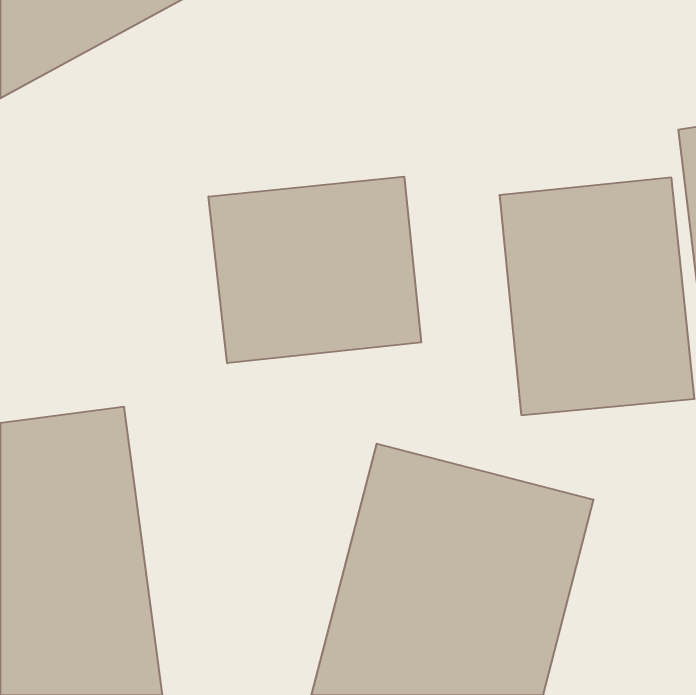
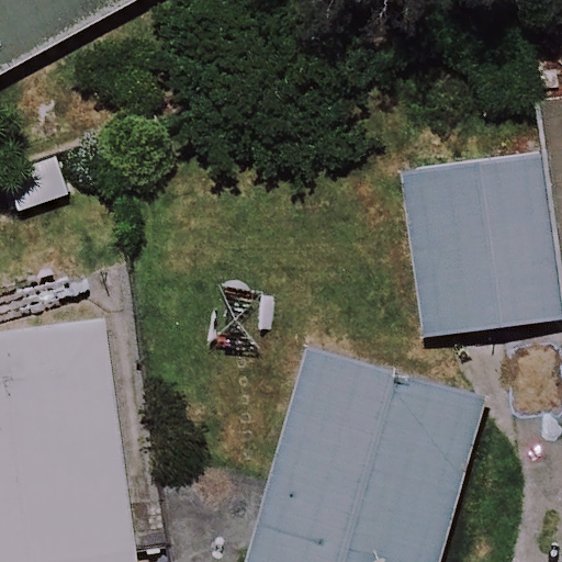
building: [209,177,421,363] -> none

